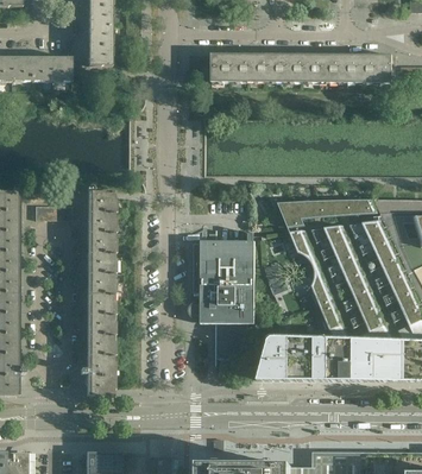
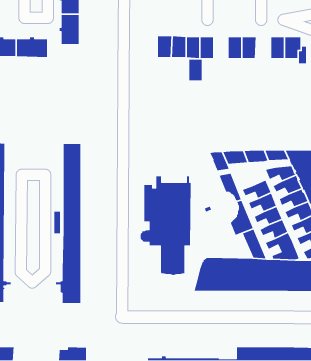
building: [283,53,301,82] -> [189,59,203,81]
building: [336,53,355,82] -> none
building: [310,223,349,245] -> none

